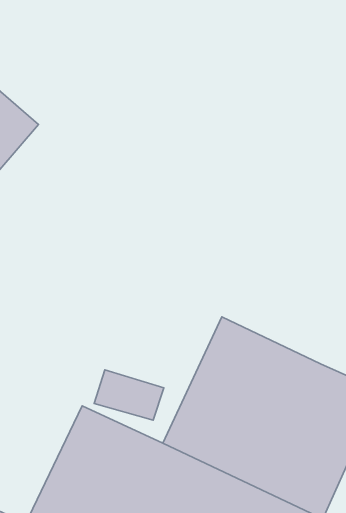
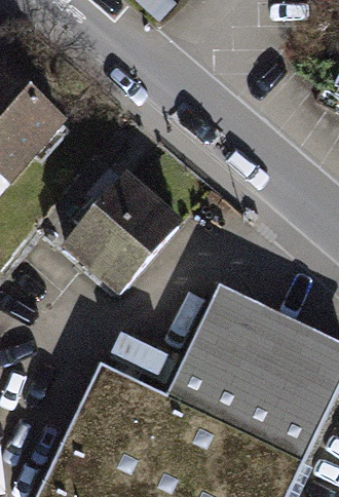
building: none -> [64,171,180,290]

